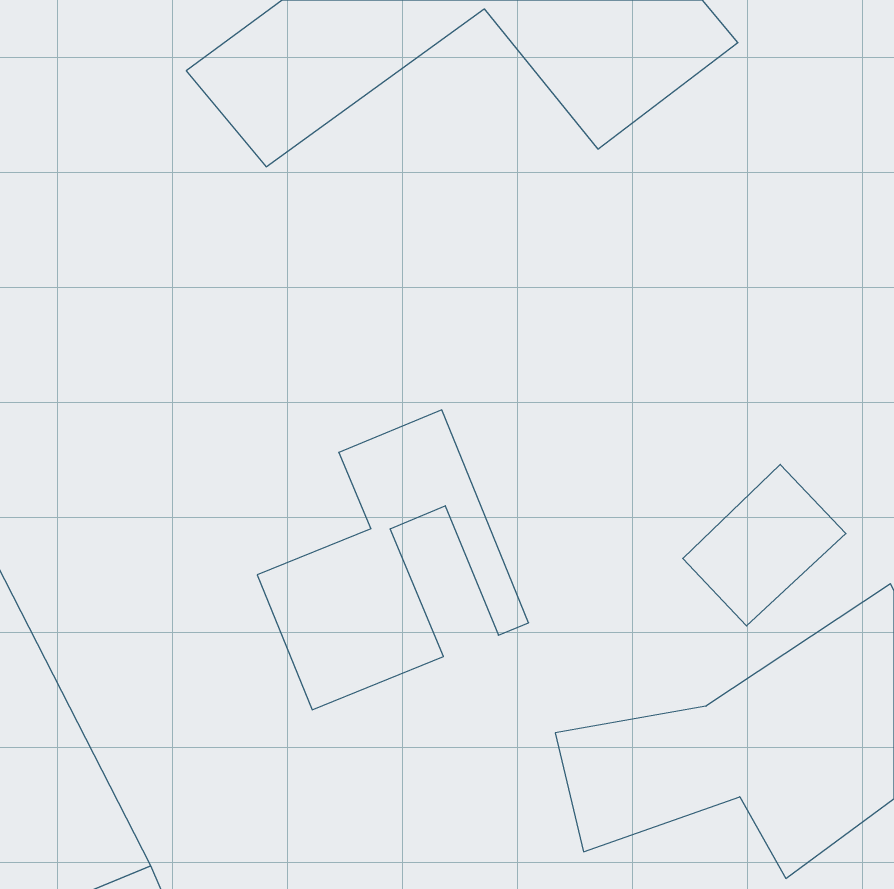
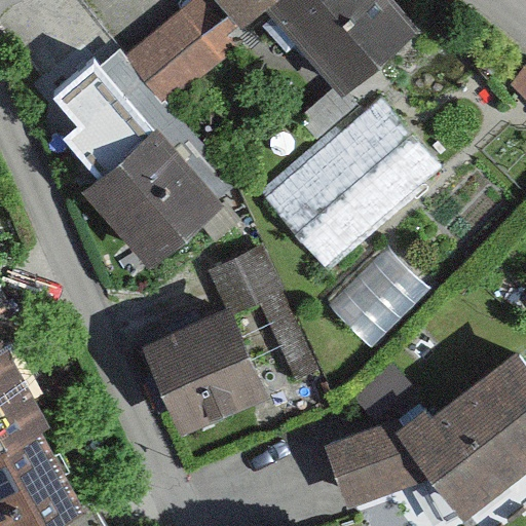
building: none -> [65,69,238,278]
building: none -> [263,105,440,274]
building: [683,464,846,626] -> [334,243,428,337]

